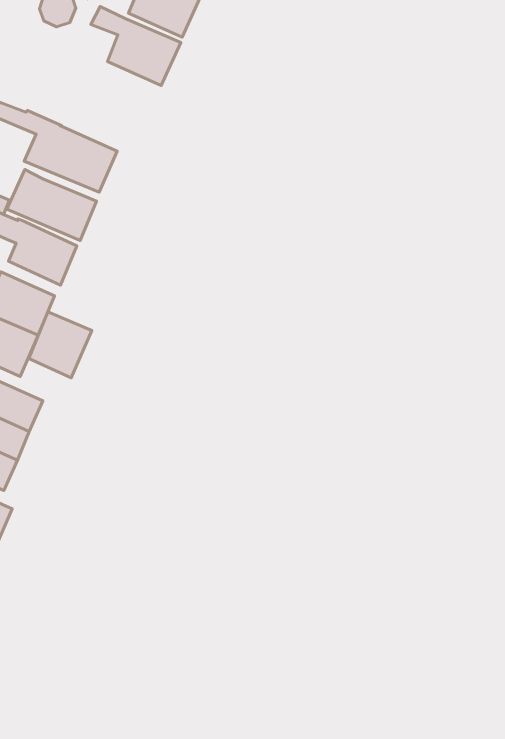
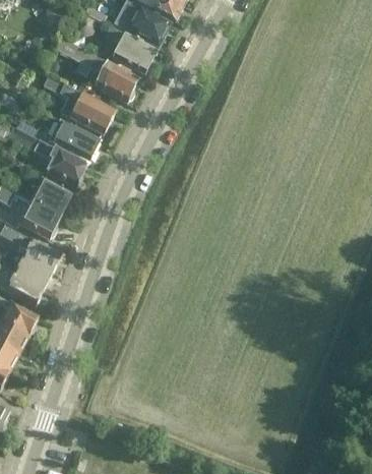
building: none -> [54,37,139,103]
building: [29,312,92,378] -> none

